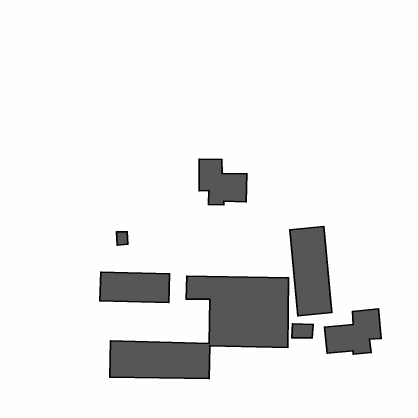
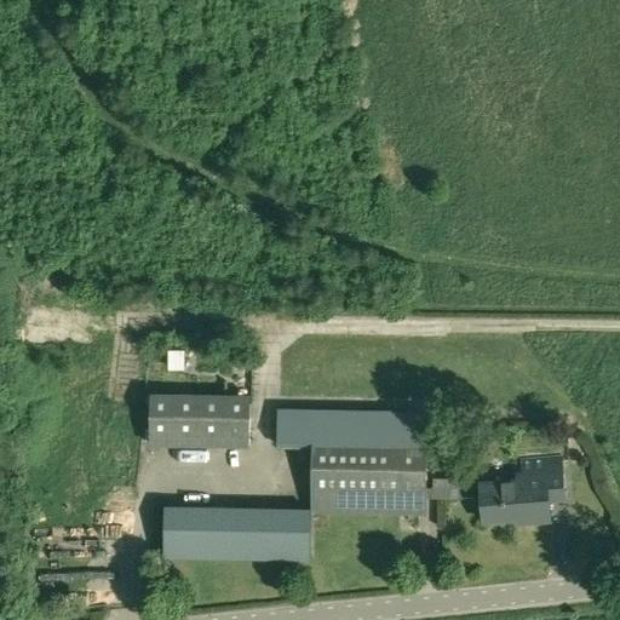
building: [199,159,247,205] -> none
building: [290,226,332,316] -> none

